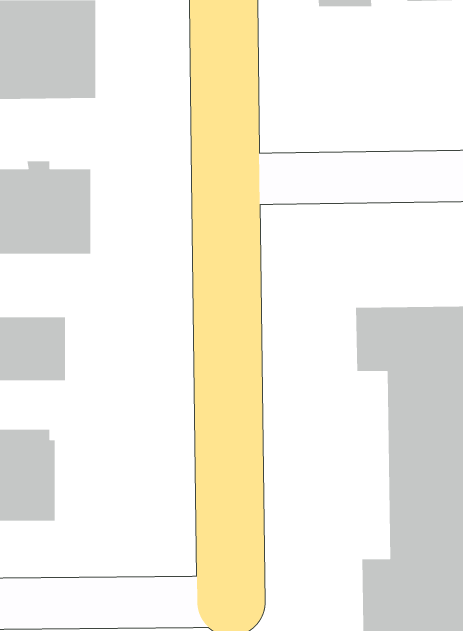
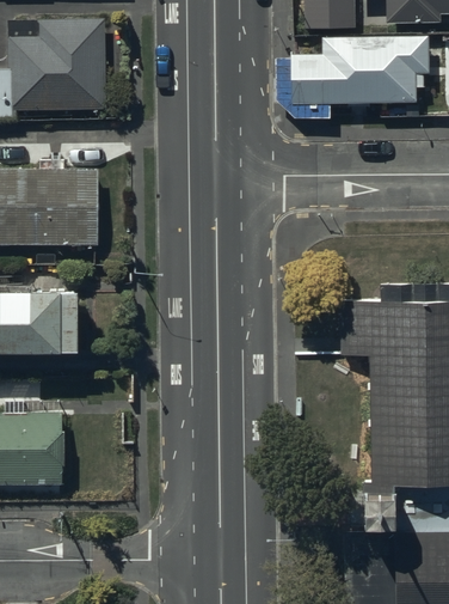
building: none -> [273,30,430,114]

